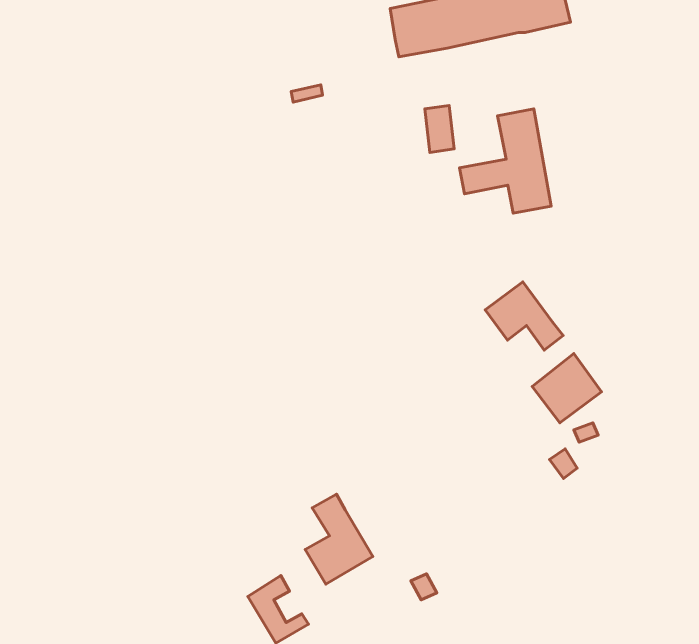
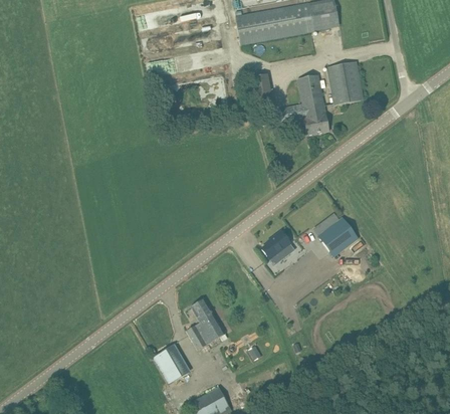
building: none -> [326,60,364,105]
building: [485,282,563,350] -> none
building: none -> [261,231,295,265]

